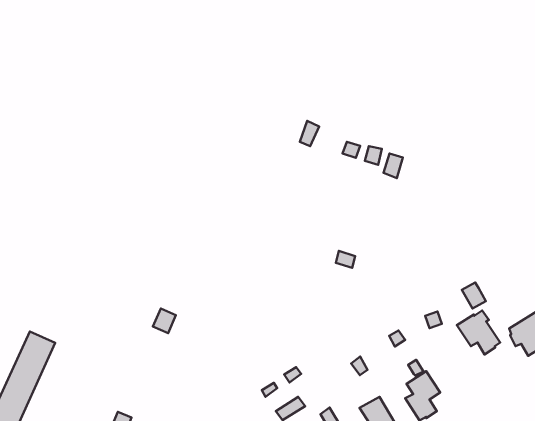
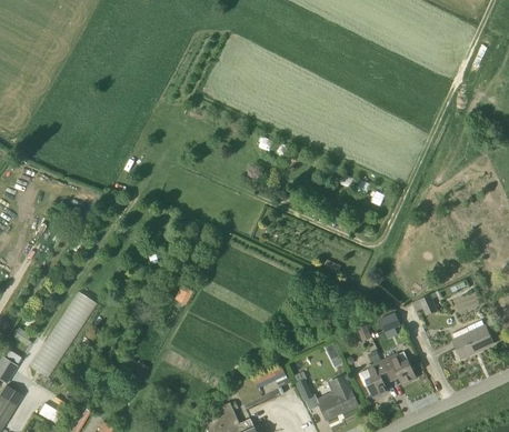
building: [457,311,500,354] -> [382,352,415,386]

